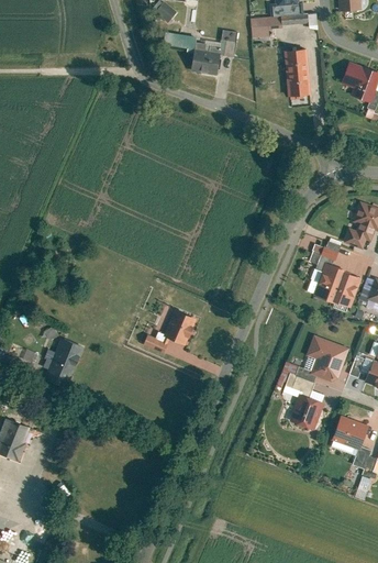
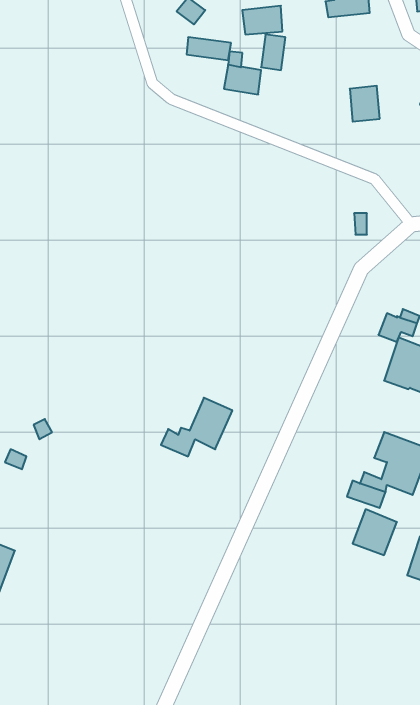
building: [251,15,281,37] -> [242,6,282,34]
building: [286,47,309,71] -> none
building: [43,338,84,389] -> none

